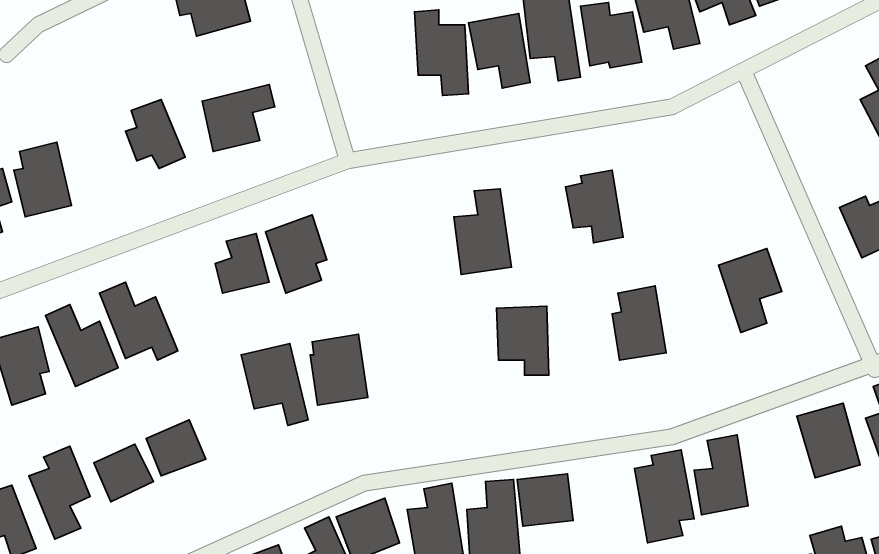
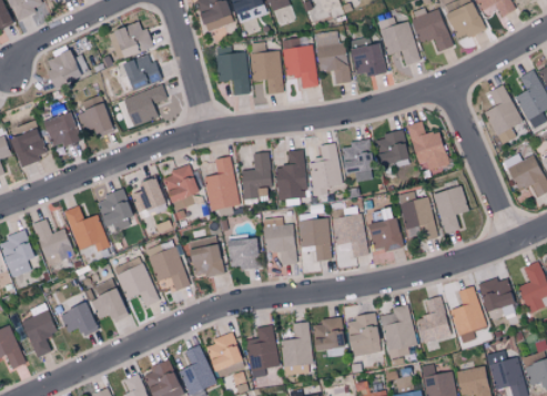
building: none -> [216,48,251,97]
building: none -> [47,51,90,85]
building: none -> [120,57,162,95]
building: none -> [485,84,523,135]
building: none -> [43,112,82,148]
building: none -> [406,121,449,171]
building: none -> [374,130,408,164]
building: none -> [310,143,343,196]
building: none -> [241,152,273,200]
building: none -> [206,156,239,210]
building: none -> [97,191,132,225]
building: none -> [401,197,436,241]
building: none -> [333,214,368,258]
building: none -> [264,219,295,265]
building: none -> [227,238,260,270]
building: none -> [114,256,160,307]
building: none -> [449,286,487,335]
building: none -> [348,314,381,356]

